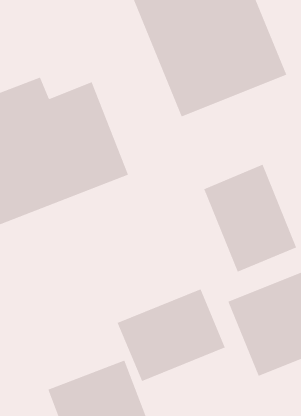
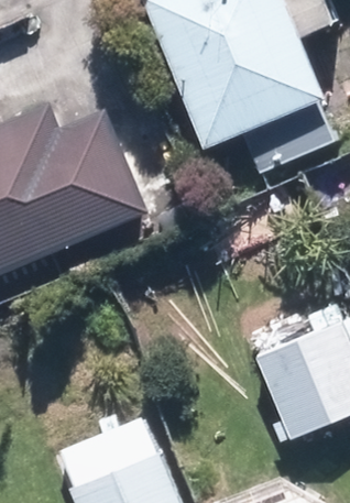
building: [203,164,297,273] -> none
building: [117,288,226,382] -> none

